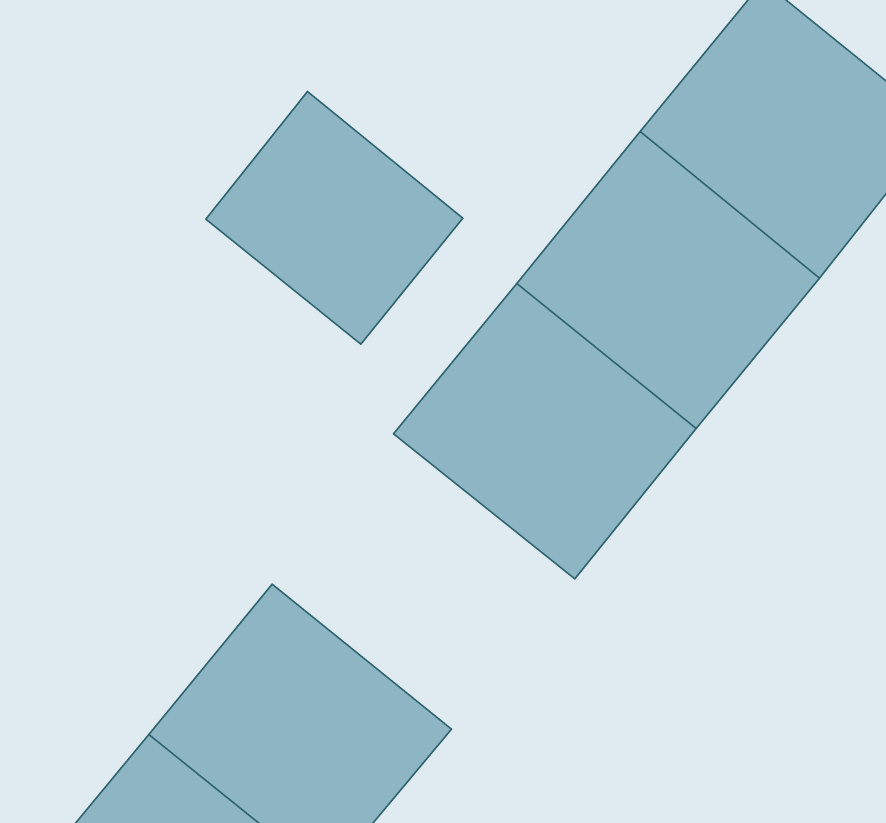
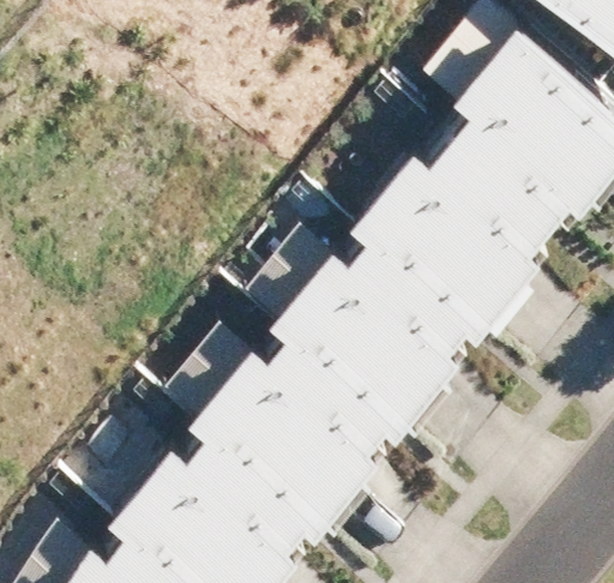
building: [206,92,463,344] -> none
building: none -> [200,321,401,517]

